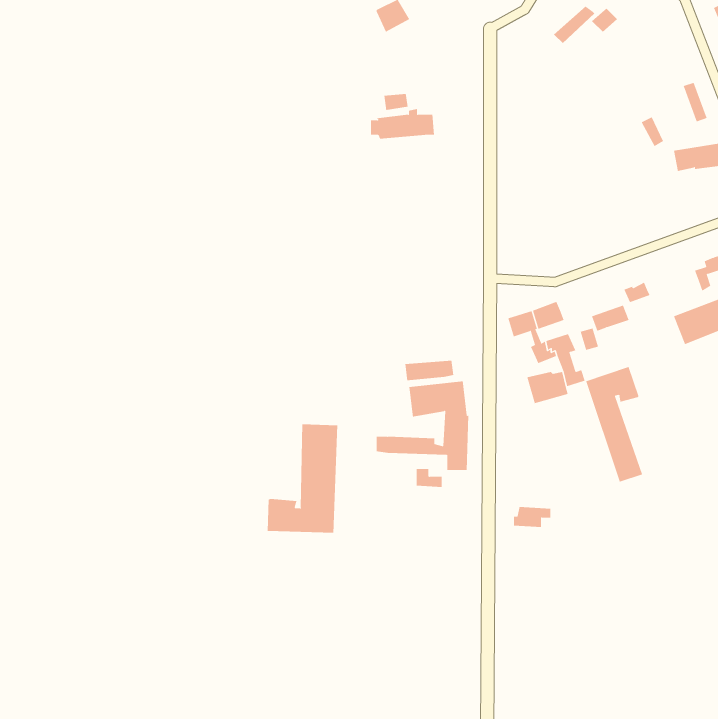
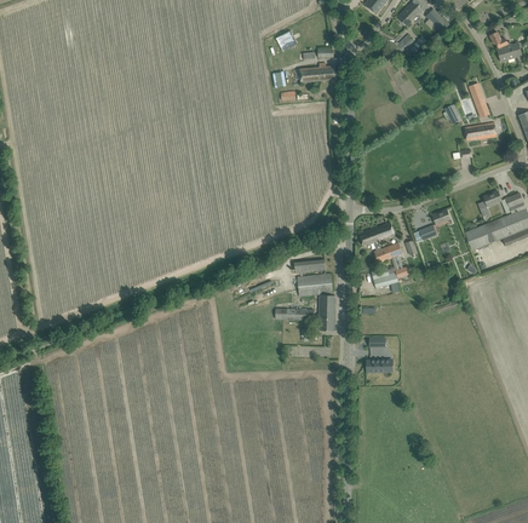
building: [370,109,435,139] -> [295,62,337,81]
building: [586,366,643,483] -> none
building: [267,424,338,534] -> none

